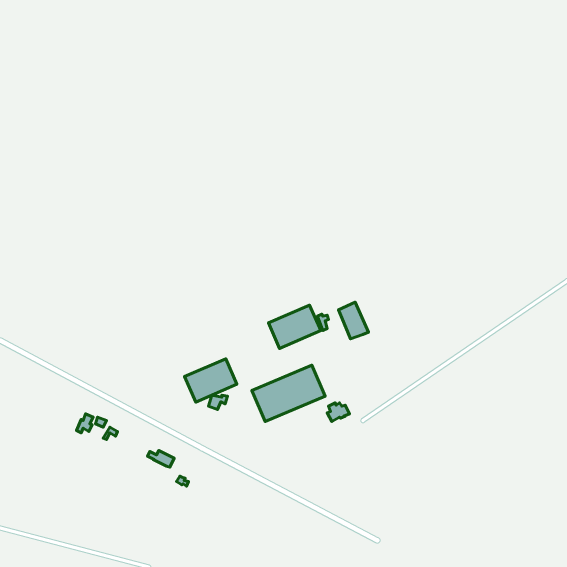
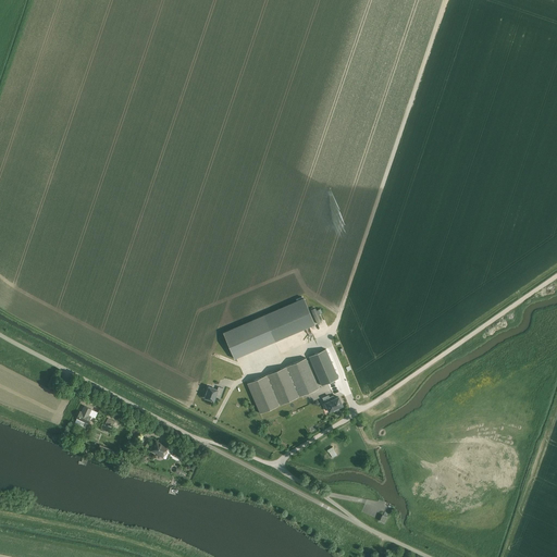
building: [338,302,368,339] -> [309,349,338,385]
building: [185,359,237,402] -> [223,317,274,359]

